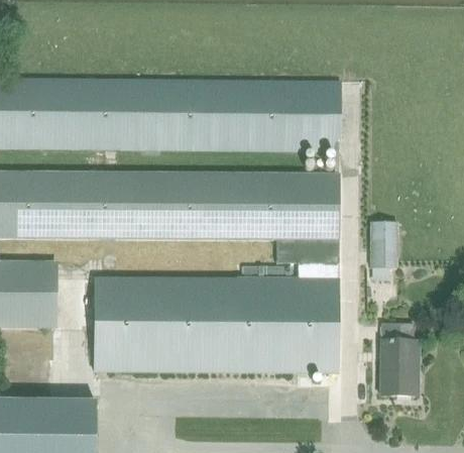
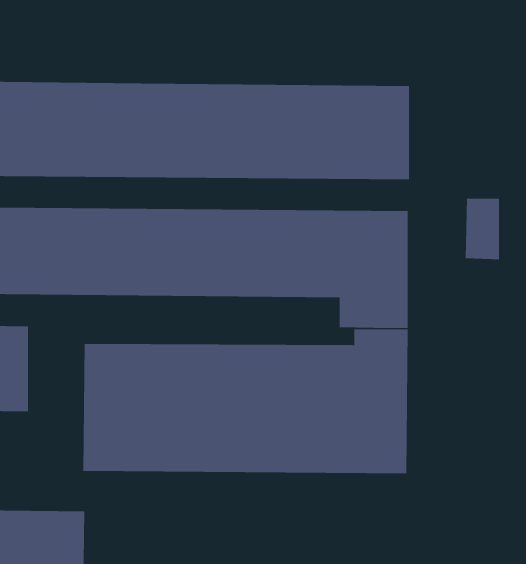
building: [370,222,396,268] -> [465,198,500,260]
building: [380,323,419,395] -> none

